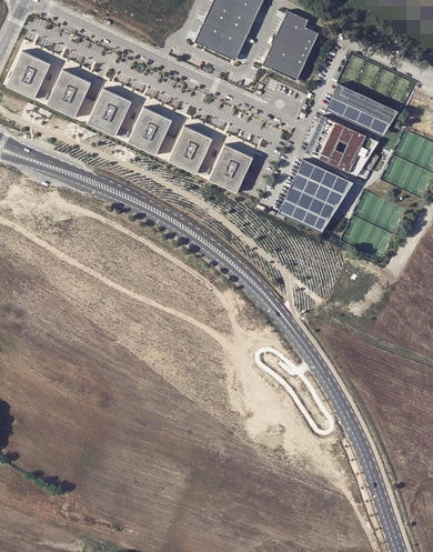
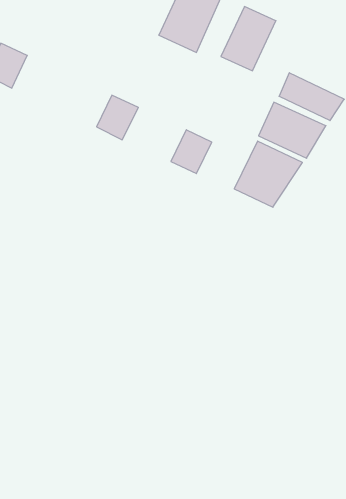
building: [49,69,93,118] -> none
building: [89,88,134,137] -> none
building: [168,126,213,173] -> none

